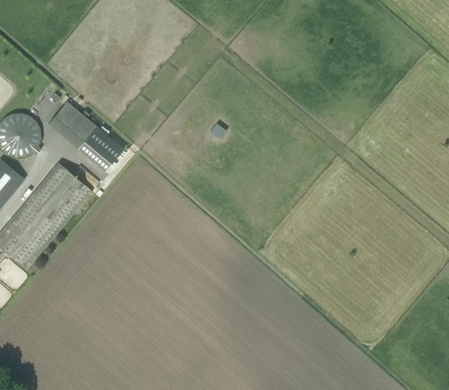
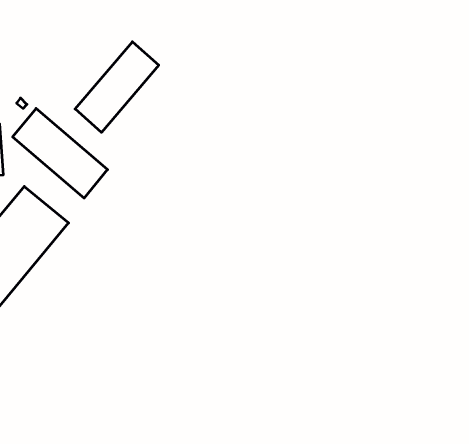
building: none -> [75,42,159,132]

